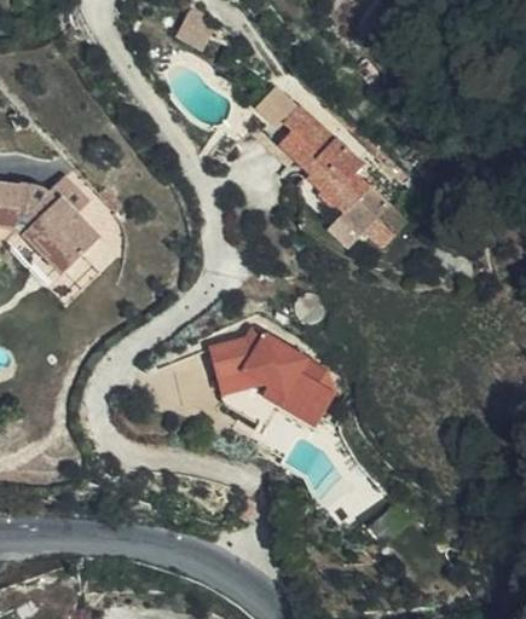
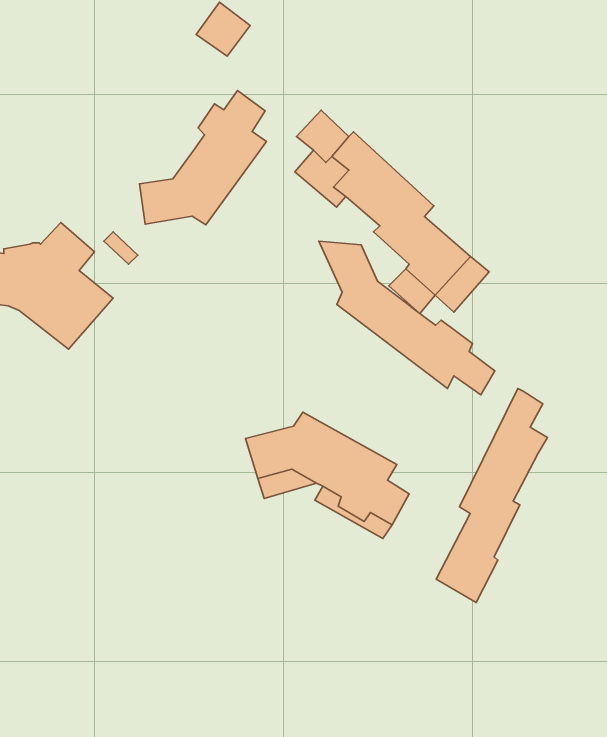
building: none -> [139,90,267,225]
building: none -> [319,241,495,395]
building: none -> [436,388,548,602]

